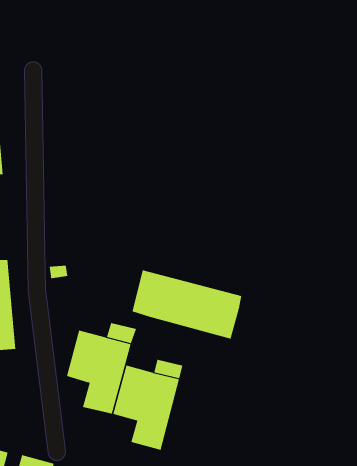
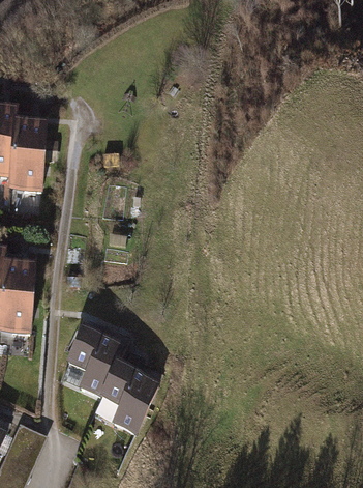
building: [132,269,242,339] -> none

